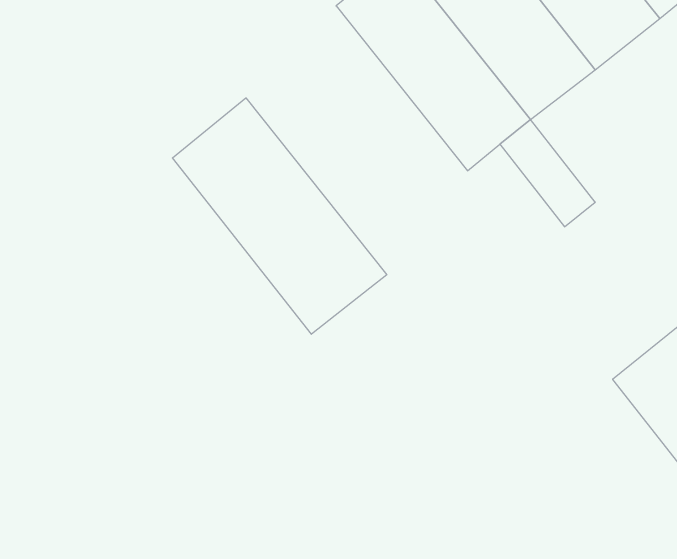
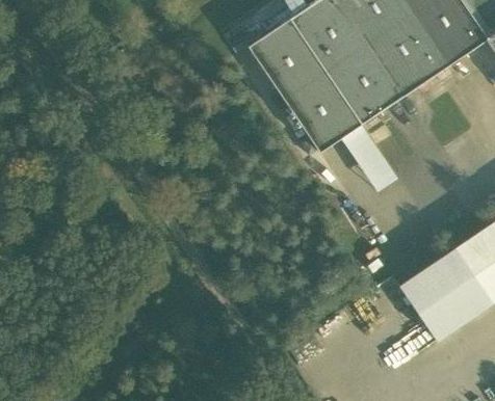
building: [172,98,387,334] -> none

